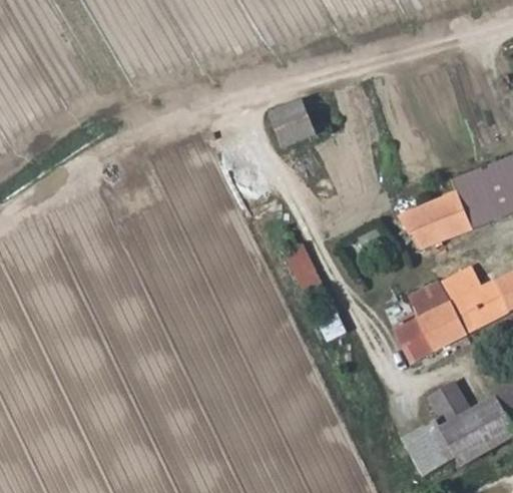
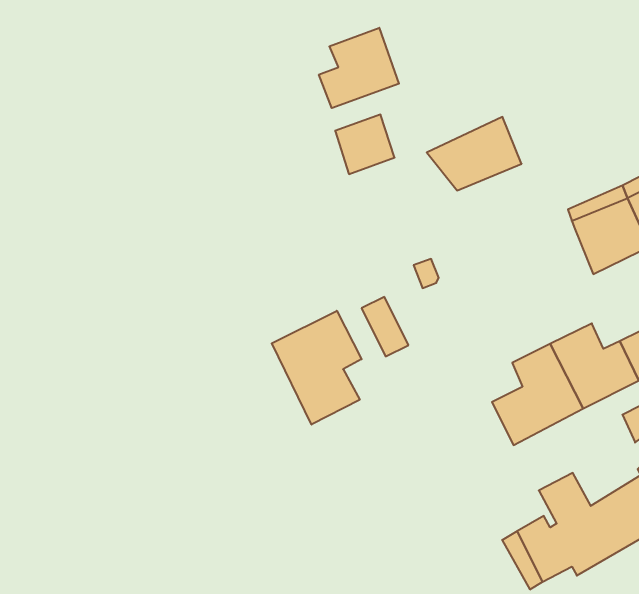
building: none -> [319,28,399,108]
building: [399,189,474,248] -> [427,117,522,190]
building: none -> [272,311,362,425]

